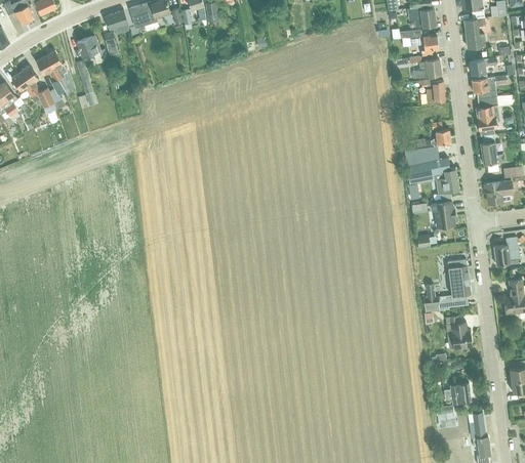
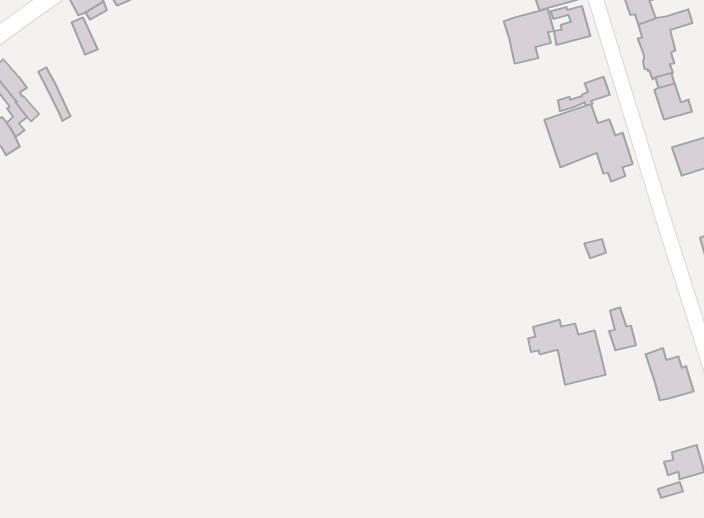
building: [76,35,108,64] -> none
building: none -> [504,8,554,64]
building: [431,201,455,227] -> none
building: [448,264,470,295] -> none
building: none -> [528,320,606,385]

